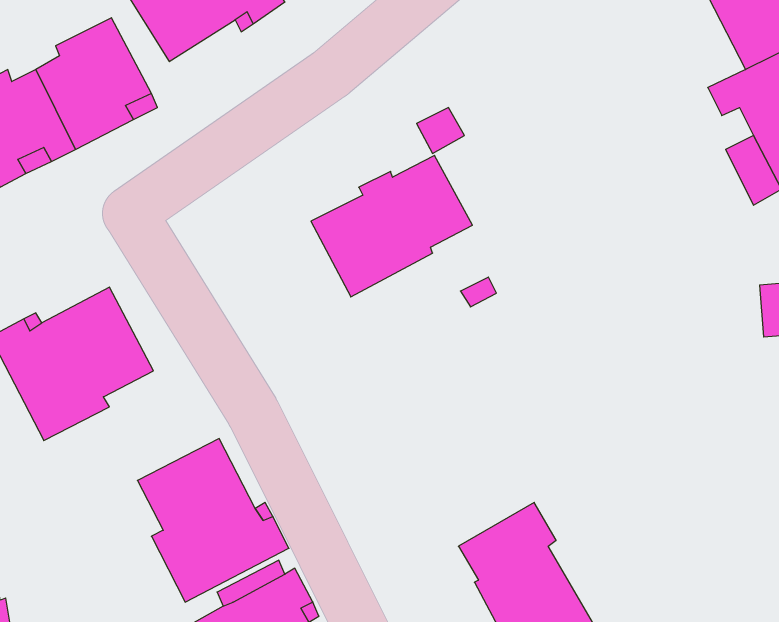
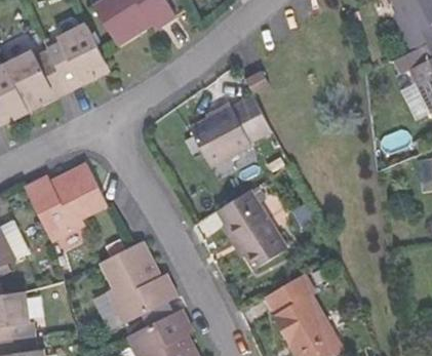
building: none -> [217,189,286,270]

